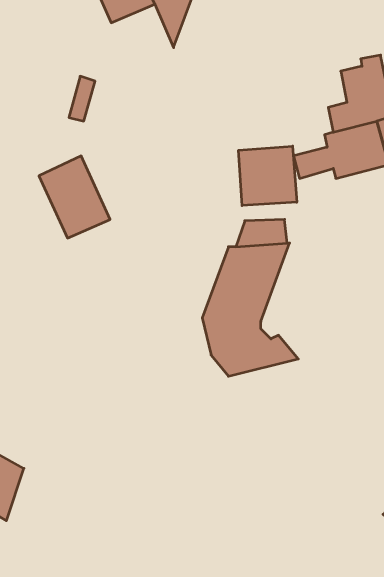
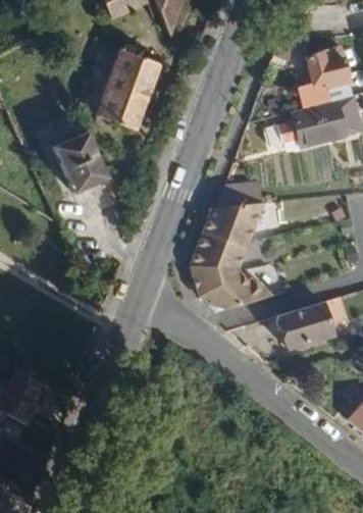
building: none -> [95,48,164,150]
building: [239,146,297,206] -> none
building: none -> [277,298,332,346]

